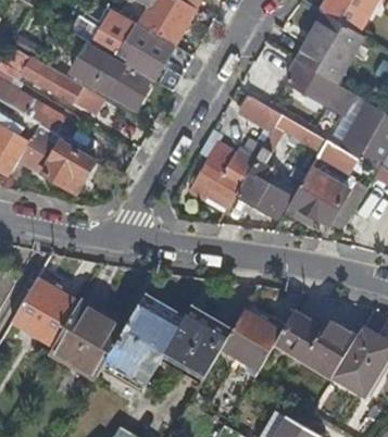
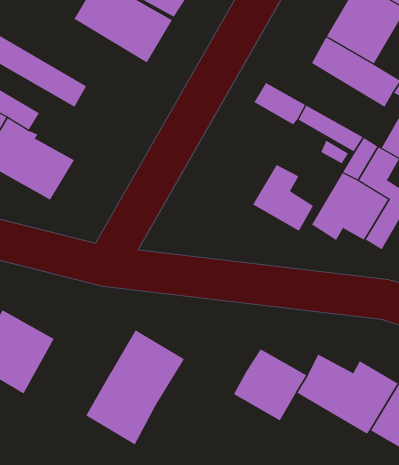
building: [72,41,153,110] -> none
building: [189,141,253,211] -> none
building: [49,302,124,376] -> none
building: [160,303,234,383] -> none

